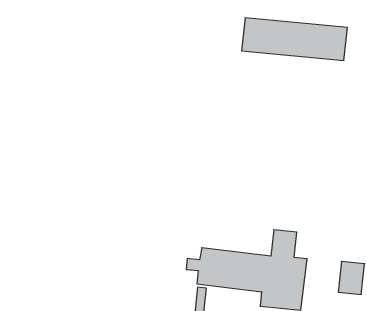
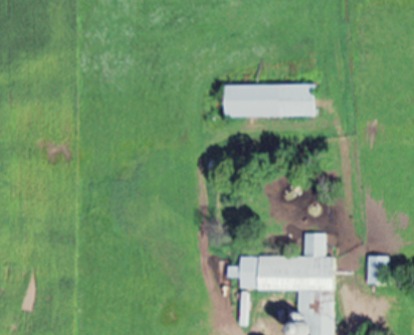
building: [242,18,347,60] -> [224,85,318,116]

